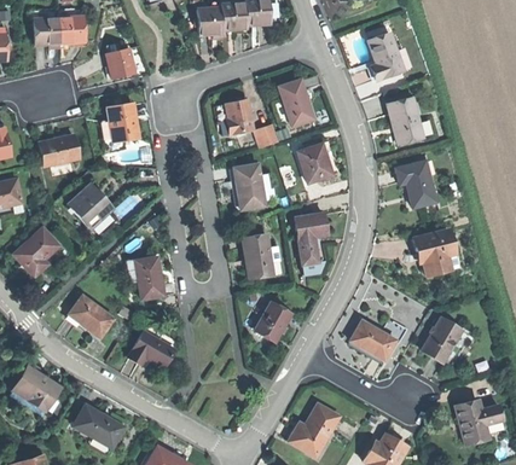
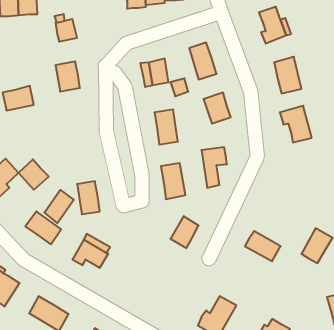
building: [69,187,108,226] -> [19,159,49,190]
building: [413,229,459,275] -> none
building: none -> [44,190,74,223]

